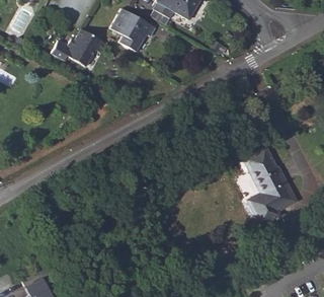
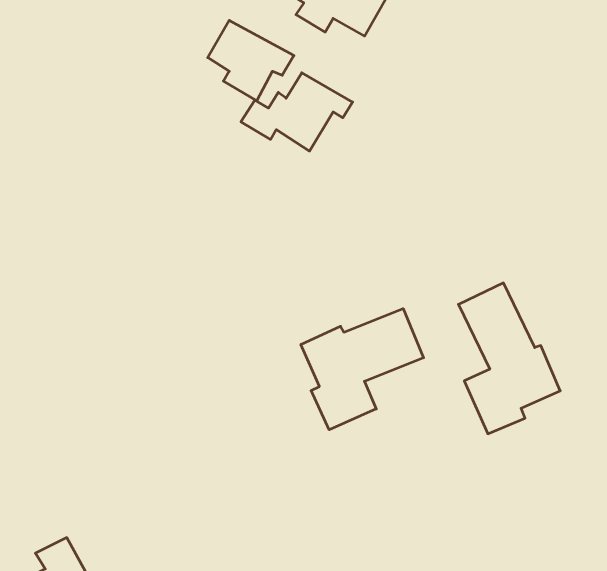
building: [52,28,109,69] -> [241,73,353,151]
building: none -> [301,309,424,430]

